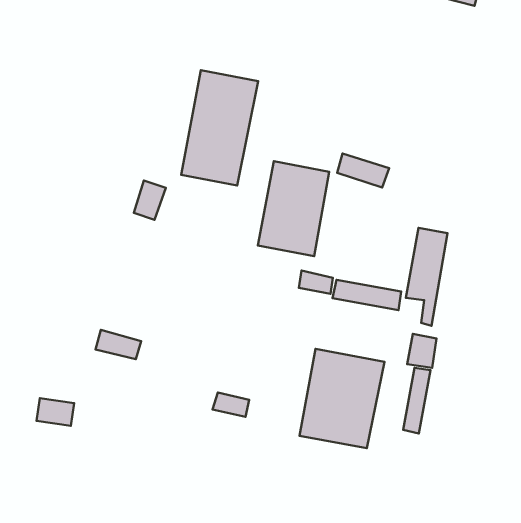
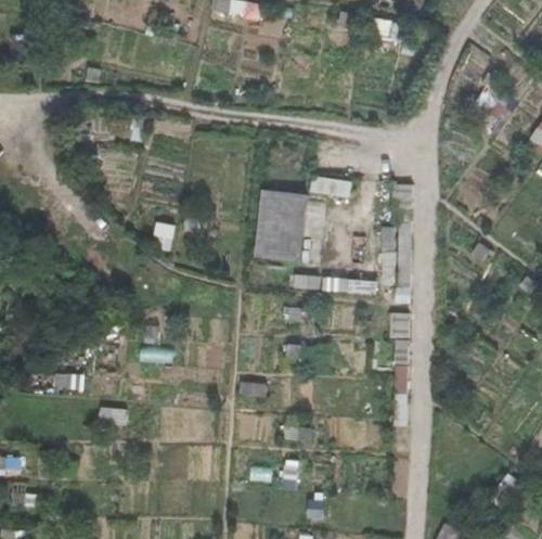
building: [181,70,258,185] -> none
building: [299,349,384,448] -> none

